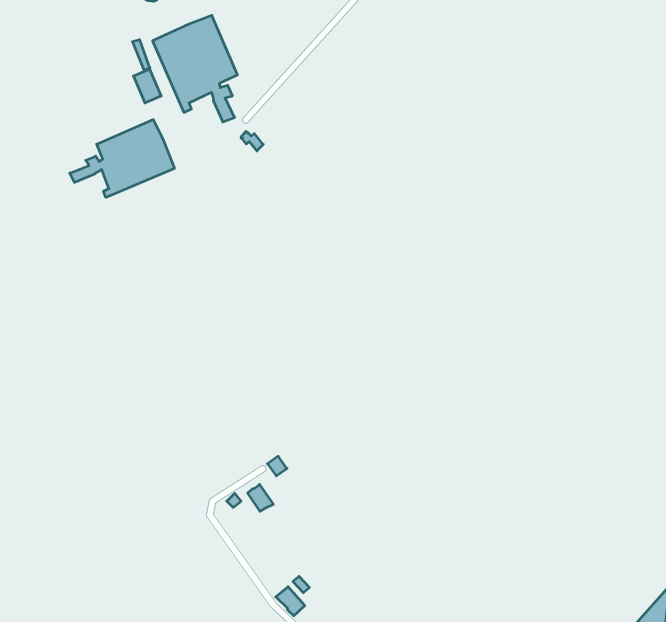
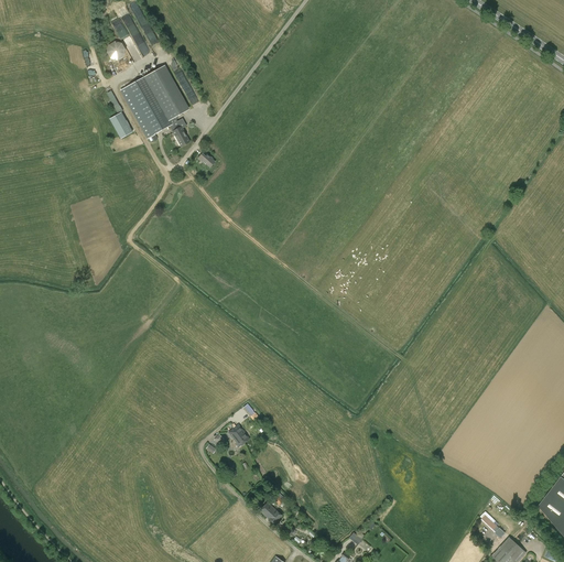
building: [70,120,174,197] -> none

